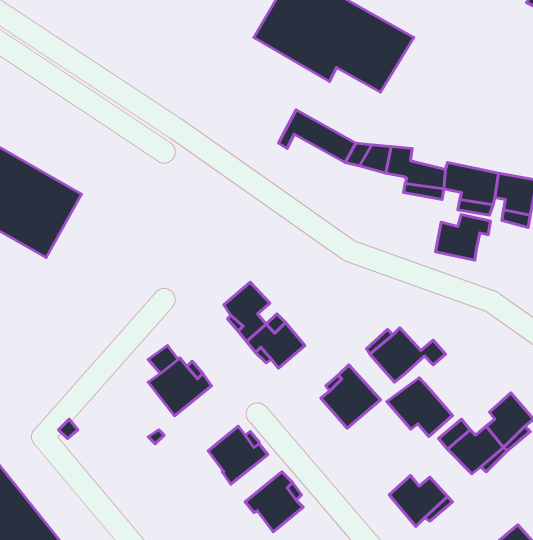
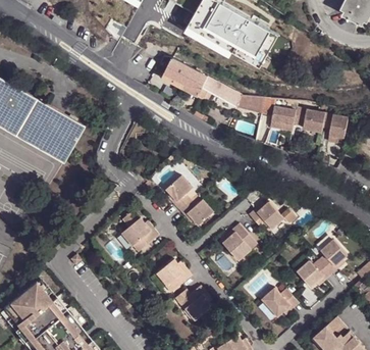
building: none -> [162,58,208,97]
building: [435,215,491,260] -> none
building: [387,378,453,436] -> none

